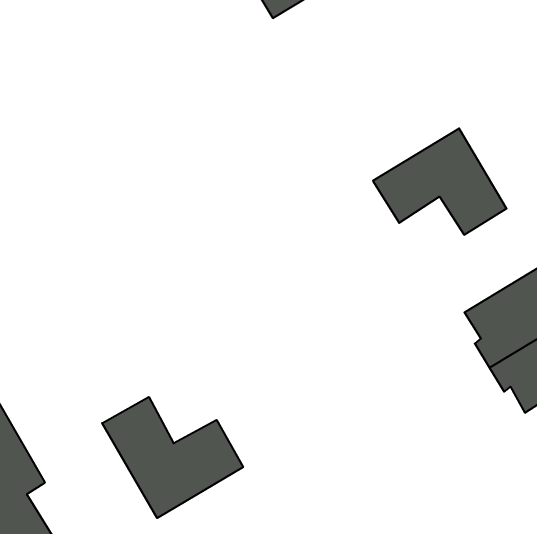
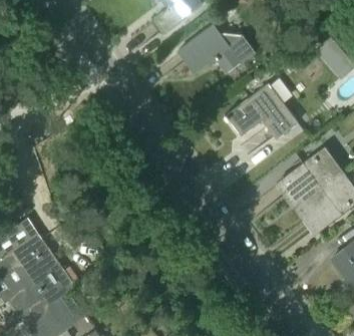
building: none -> [179,25,254,72]
building: [102,397,243,518] -> none

